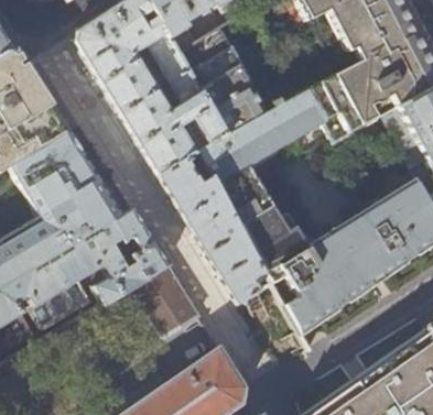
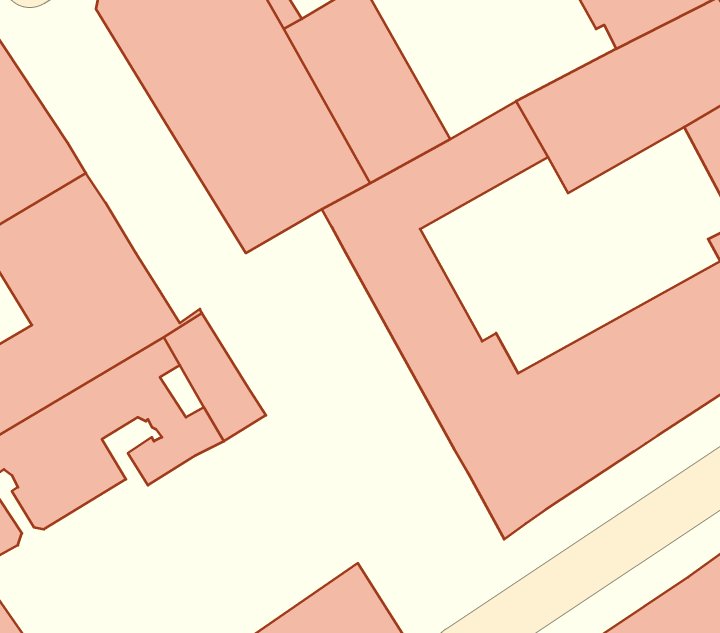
building: [158,152,272,304] -> none
building: [130,265,201,339] -> none

